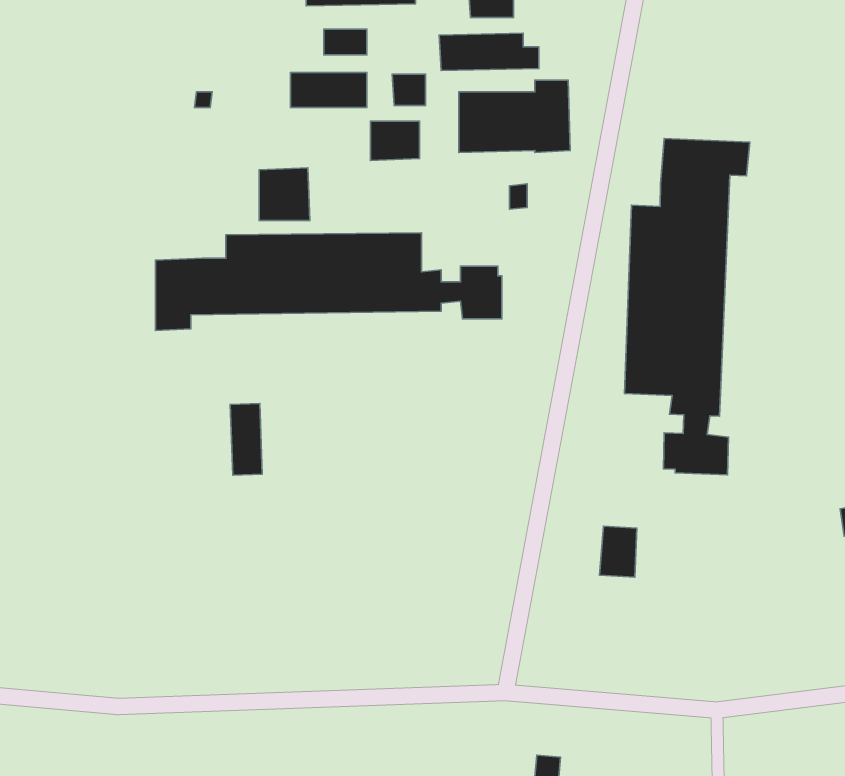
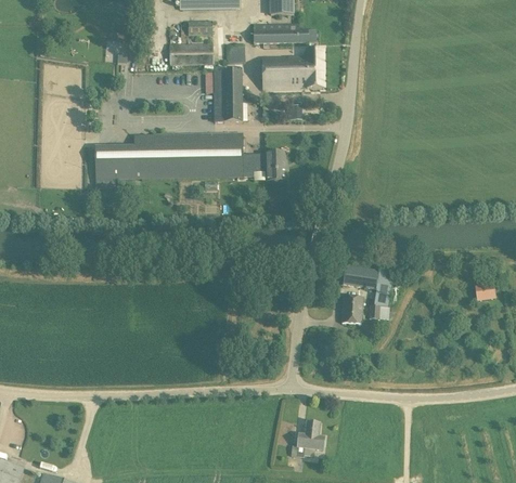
building: [625,139,750,475] -> none
building: [259,168,310,221] -> [214,92,242,121]
building: [230,403,262,475] -> none
building: none -> [341,265,391,319]

